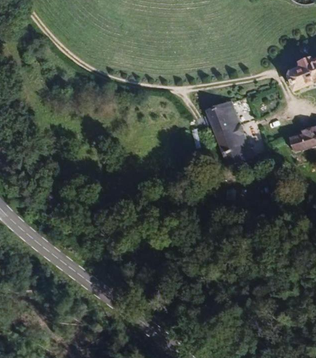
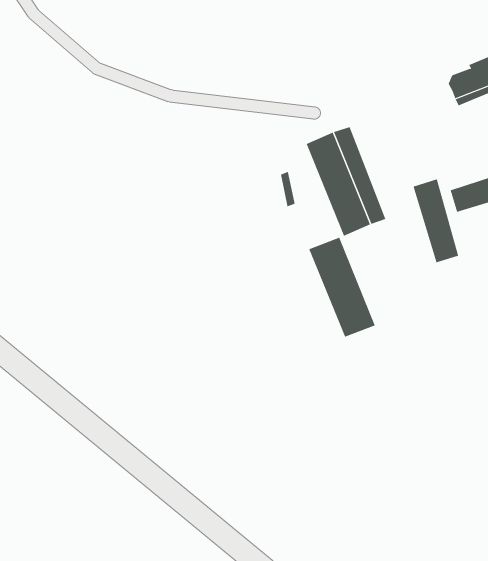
building: none -> [413,179,459,263]
building: none -> [309,237,376,338]

